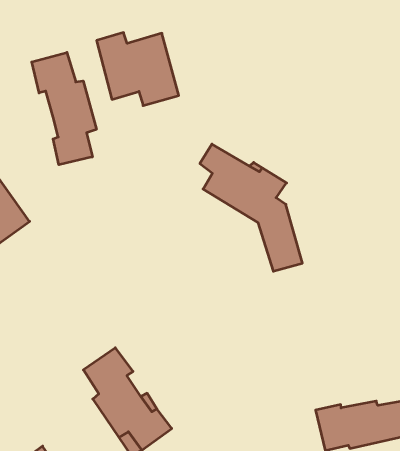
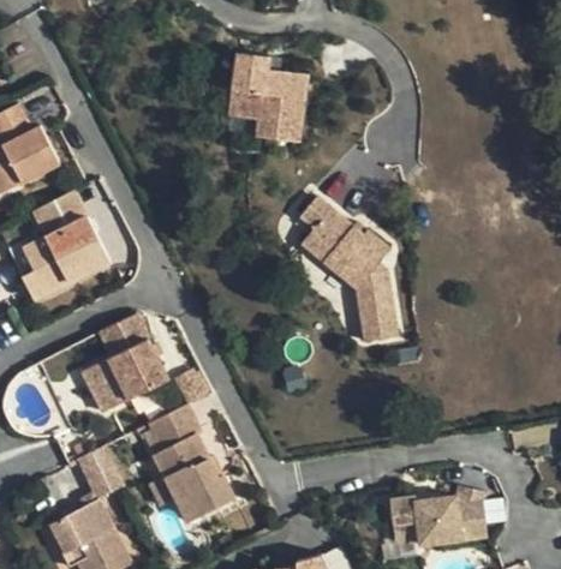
building: [32,52,96,165] -> none
building: none -> [83,315,169,413]
building: none -> [76,449,121,499]

